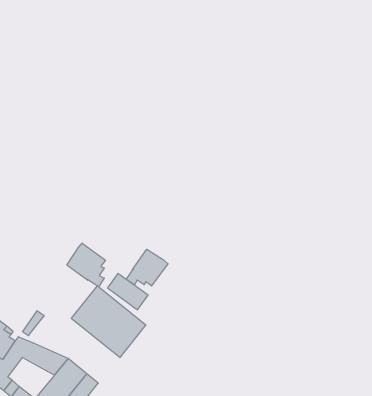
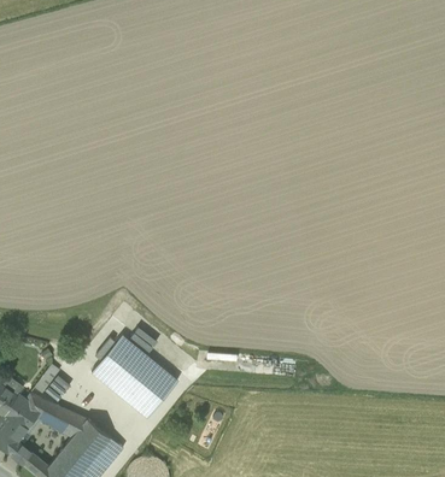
building: [67,243,105,287] -> none
building: [126,249,168,286] -> none

